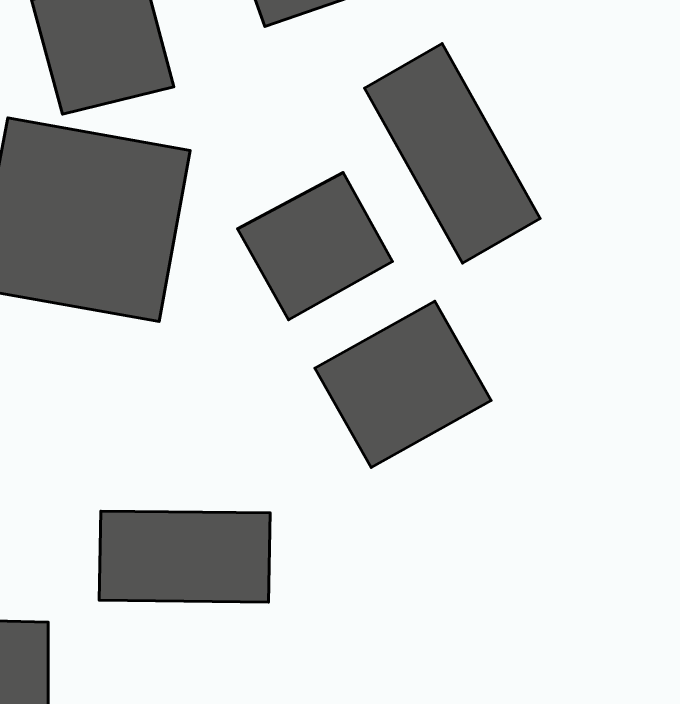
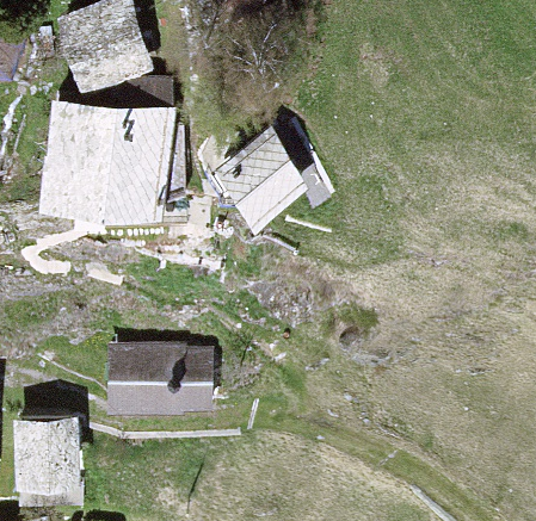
building: [364,44,540,263] -> none
building: [315,301,491,467] -> none

